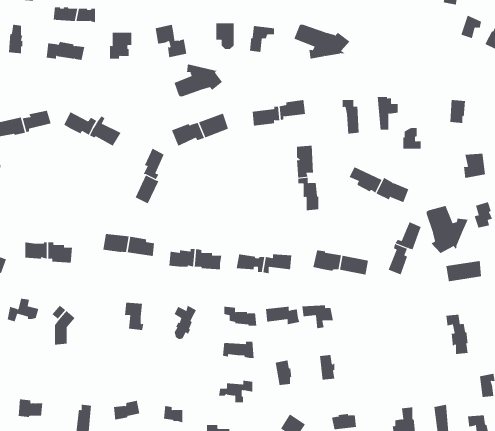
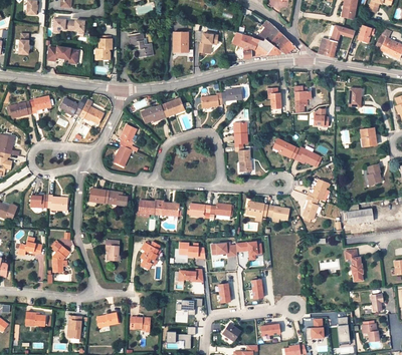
building: none -> [256,20,294,54]
building: none -> [318,25,354,57]
building: [174,63,223,97] -> none
building: [426,205,469,254] -> none

